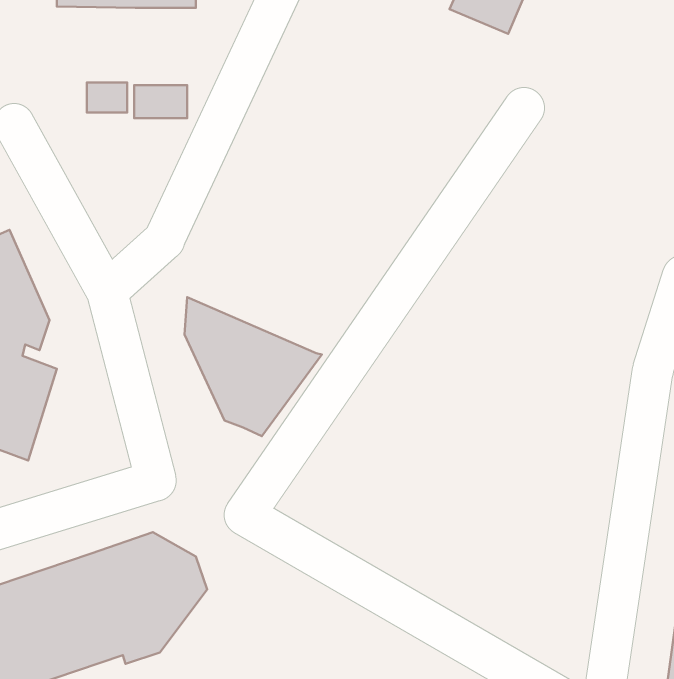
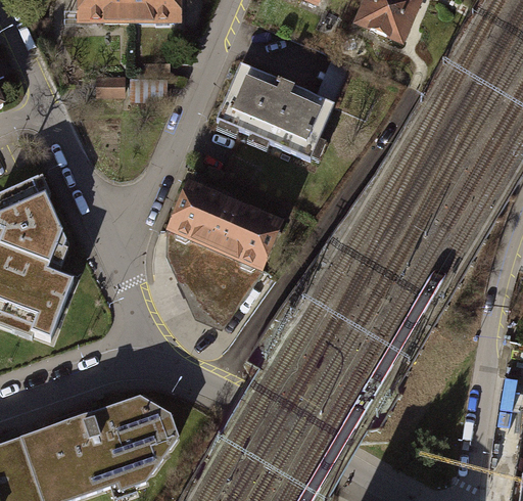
building: none -> [212,62,330,157]
building: none -> [164,176,281,267]

